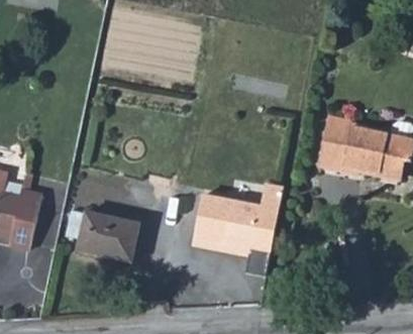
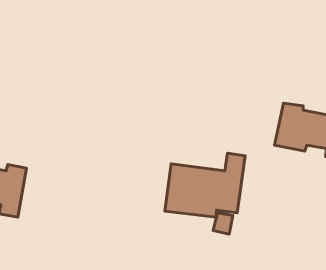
building: [73,212,134,262] -> none

